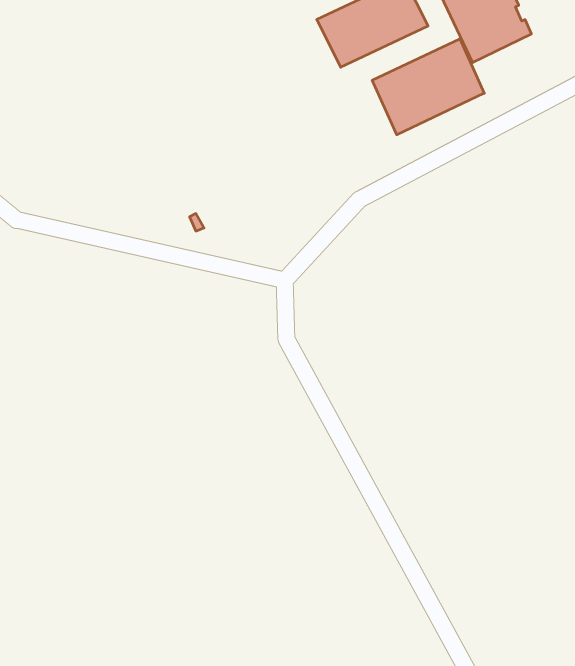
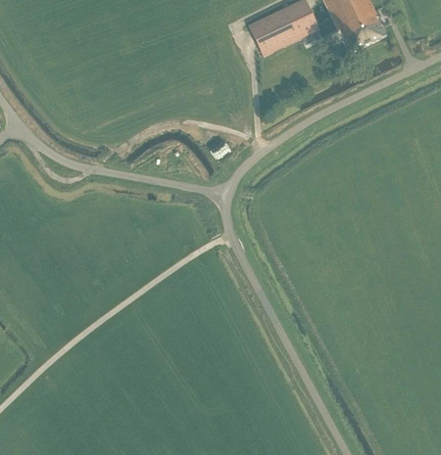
building: [372,39,484,135] -> none

